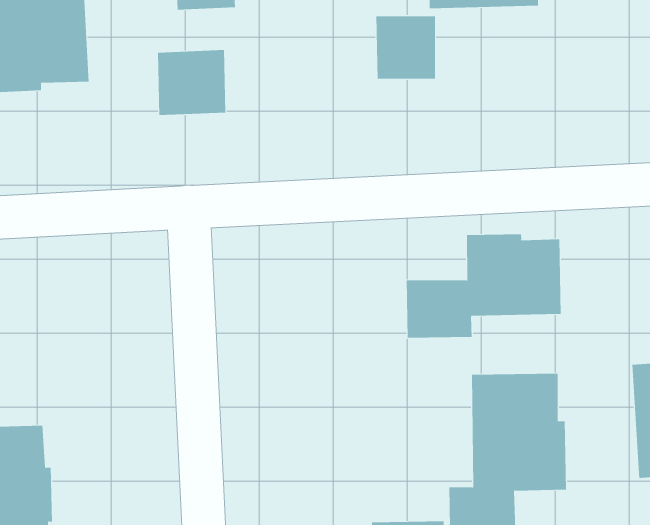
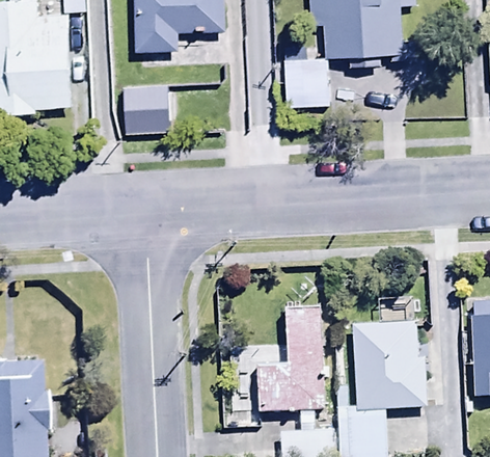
building: [406,234,561,338] -> none
building: none -> [258,305,328,411]

